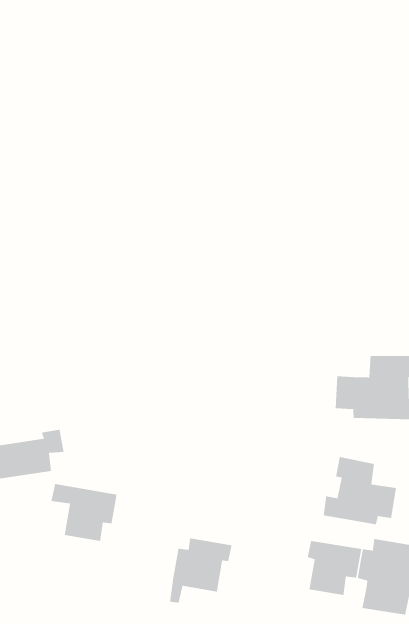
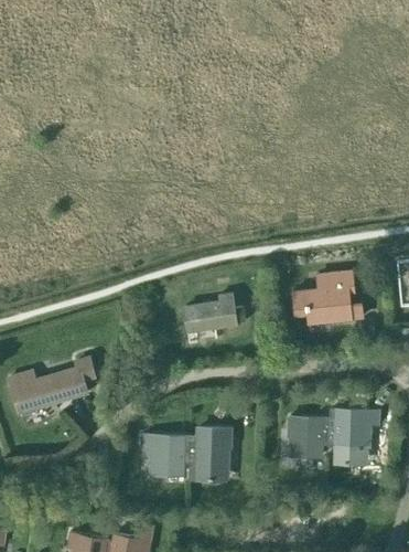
building: none -> [184,294,245,331]
building: [323,456,397,525] -> none
building: [51,483,117,542] -> [140,435,190,475]

